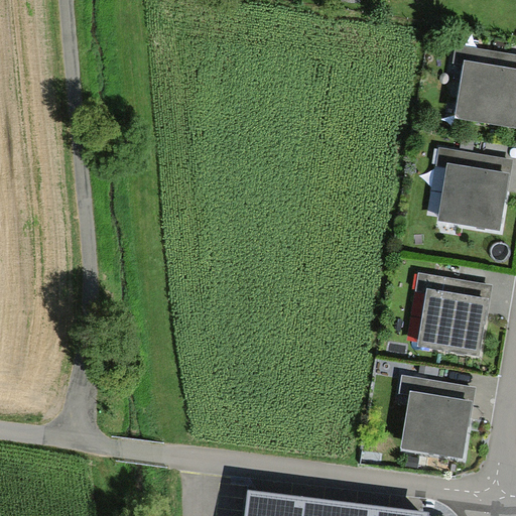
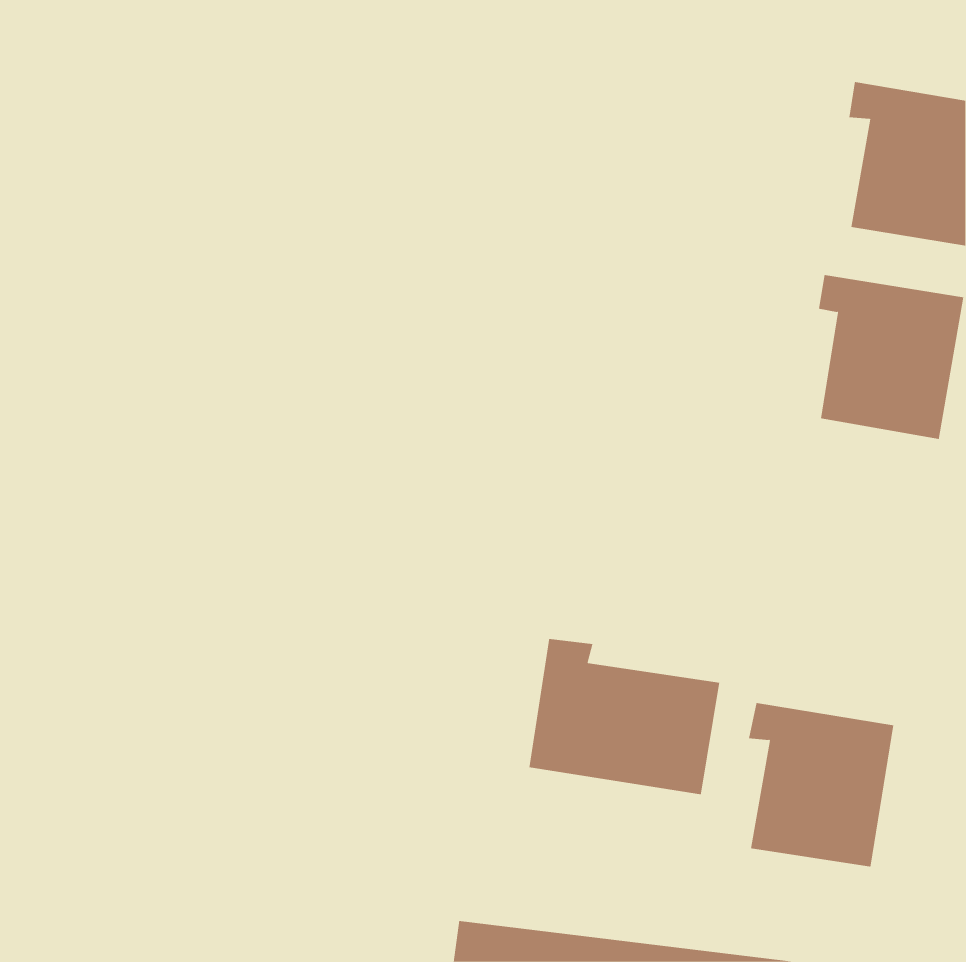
building: [414,271,492,360] -> none
building: none -> [529,638,720,795]

